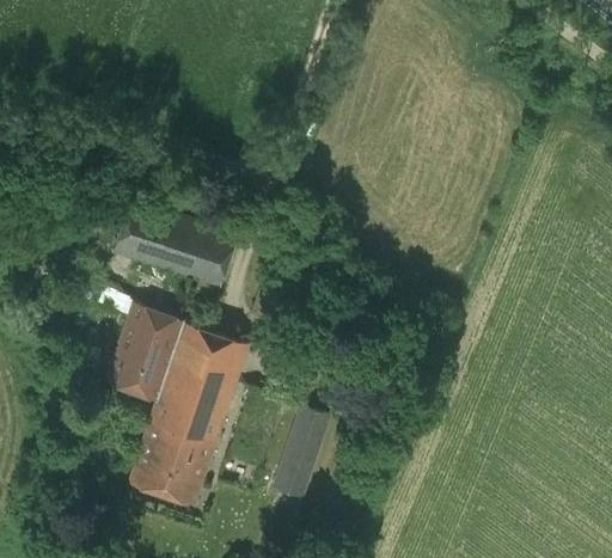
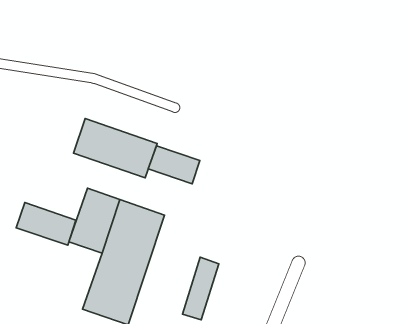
building: none -> [148,146,200,184]
building: none -> [16,202,76,245]

